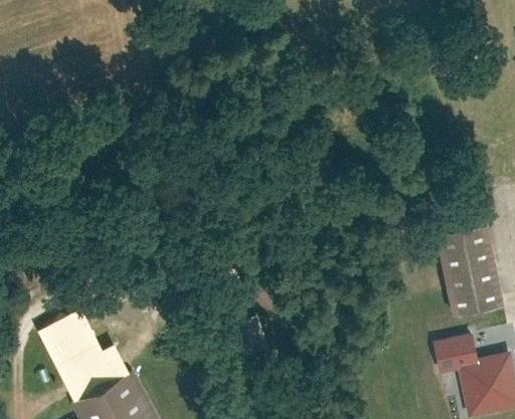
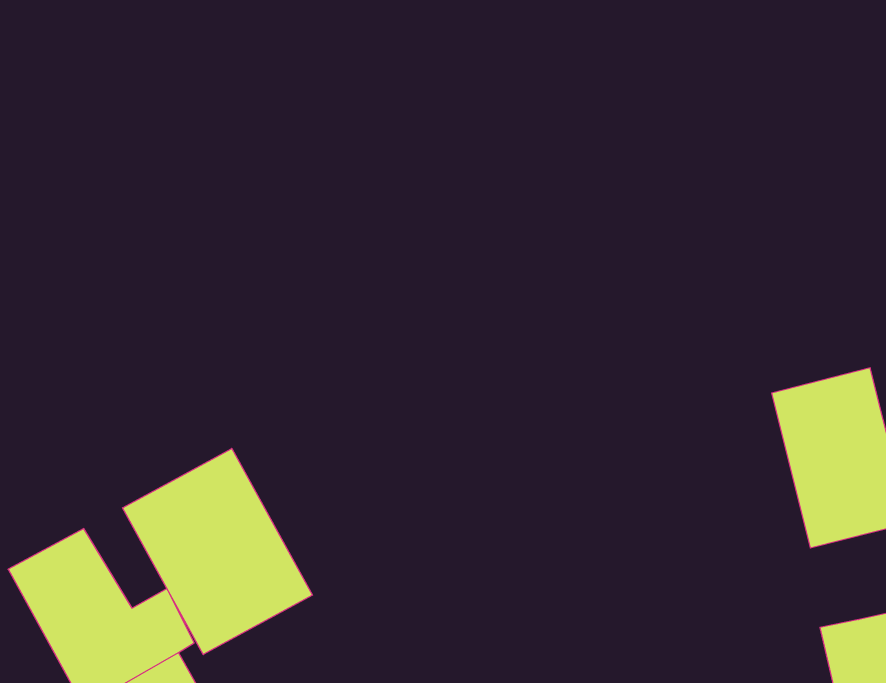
building: none -> [123,448,312,655]
building: [438,332,480,365] -> none

